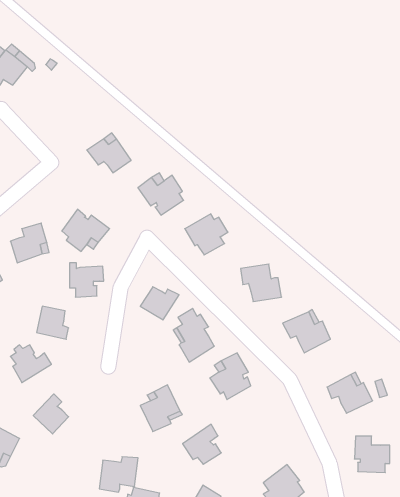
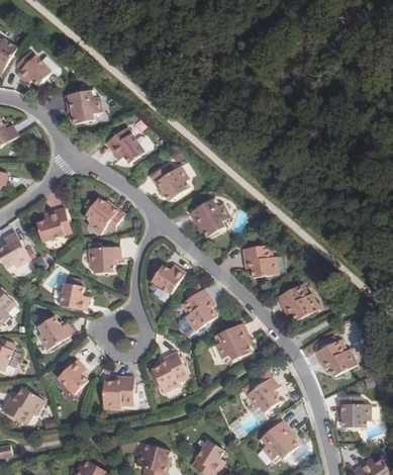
building: none -> [63,90,100,123]
building: [183,424,221,464] -> [244,377,279,412]
building: [99,457,138,492] -> [100,375,134,406]

